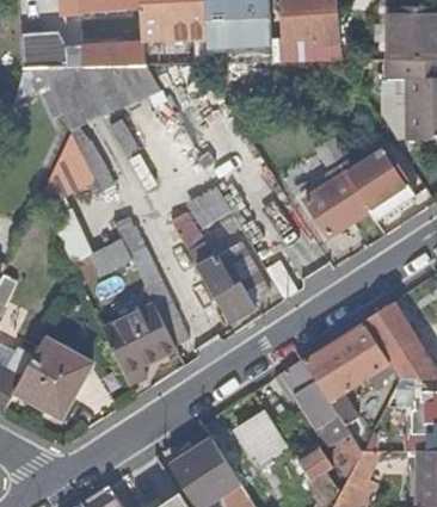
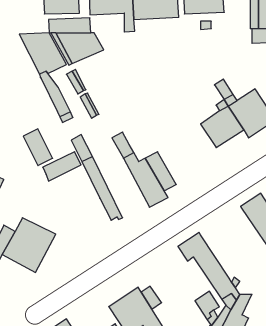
building: [18,37,82,69] -> none
building: [41,132,94,205] -> none
building: [184,185,232,230] -> none
building: [105,309,176,385] -> none
building: [304,323,390,426] -> none
building: [235,414,288,468] -> none

